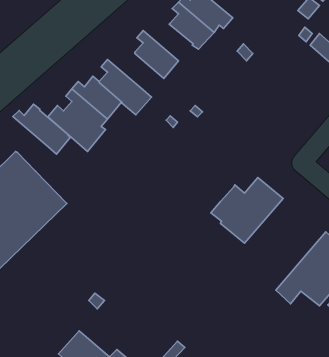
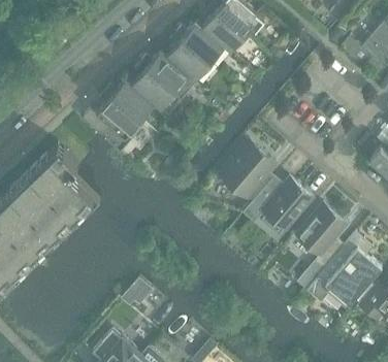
building: none -> [175,20,225,62]
building: [13,104,70,154] -> [140,48,197,98]
building: none -> [220,140,276,201]
building: none -> [296,203,348,289]

